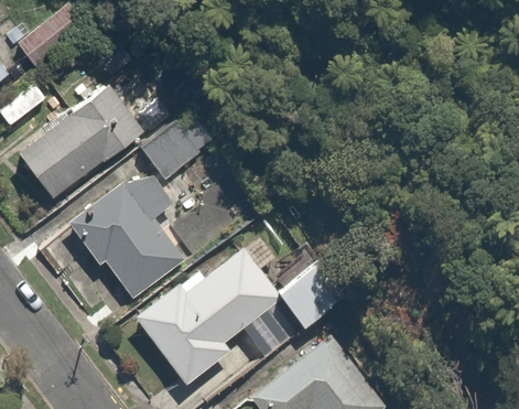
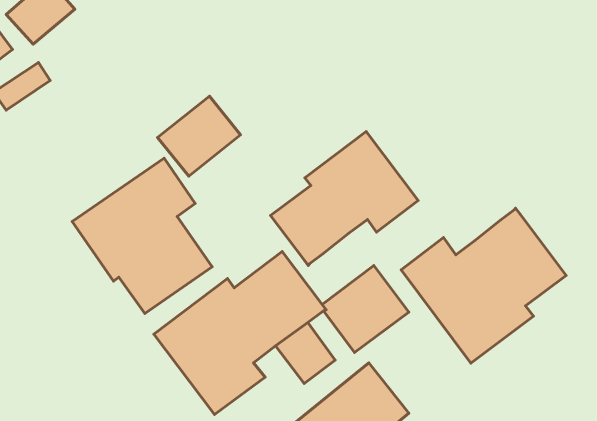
building: [17,85,145,201] -> none
building: none -> [271,132,418,265]
building: none -> [401,208,566,363]

